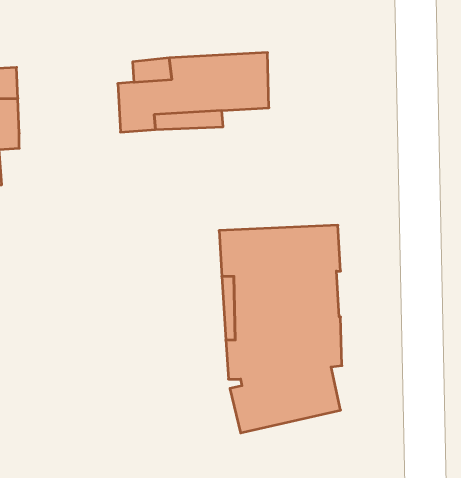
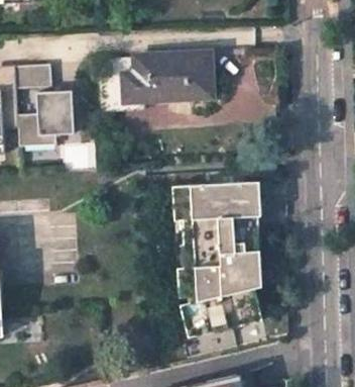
building: none -> [20,64,56,88]
building: none -> [22,91,79,146]

